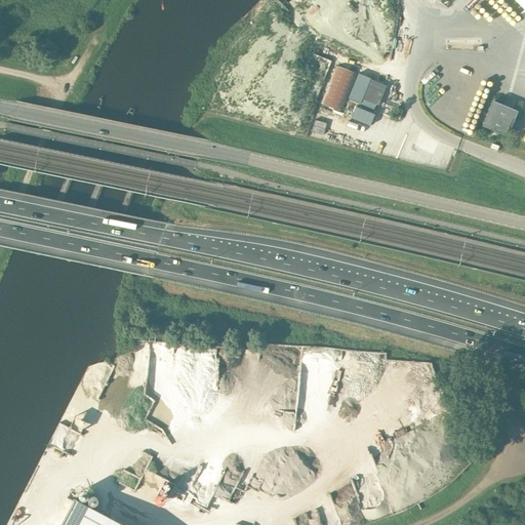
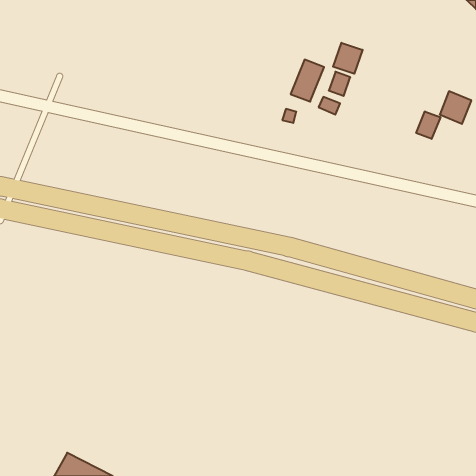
building: none -> [333,43,363,74]
building: none -> [416,111,440,139]

